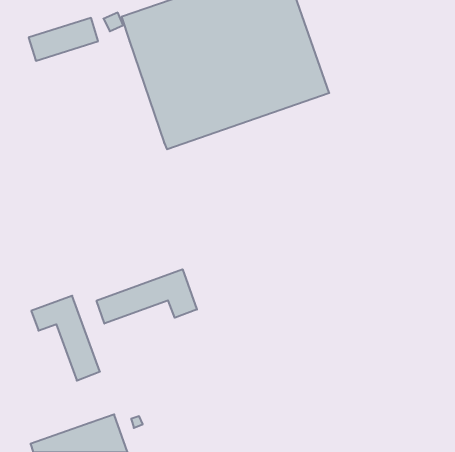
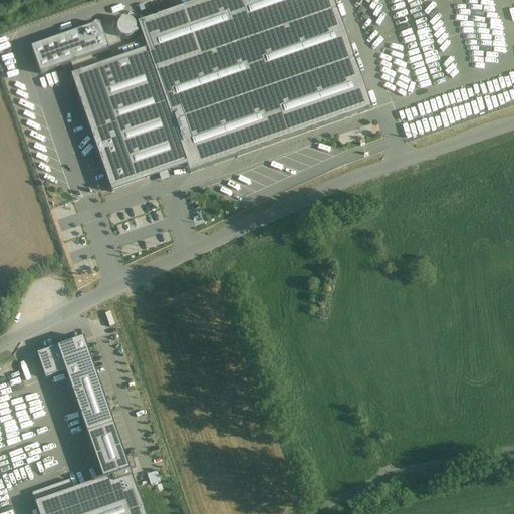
building: none -> [70,46,185,187]
building: [97,269,197,324] -> none
building: none -> [86,418,128,475]

